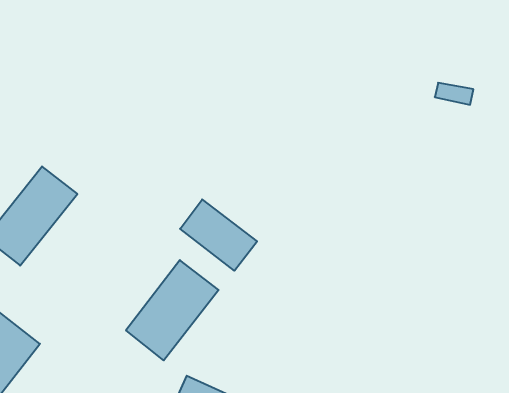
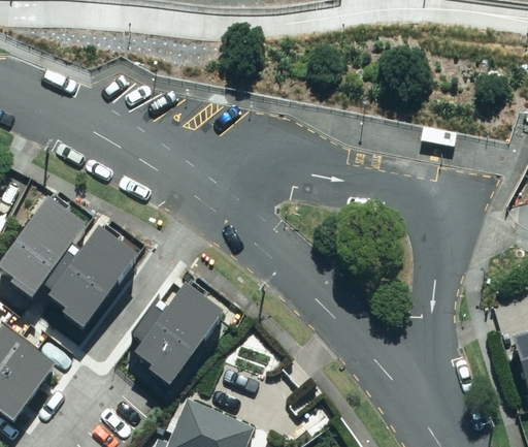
building: none -> [50,227,138,321]
building: [180,199,257,271] -> none

